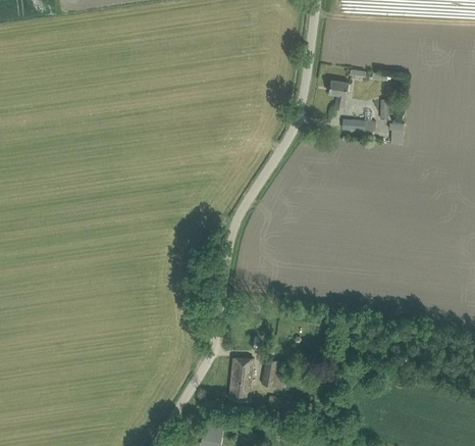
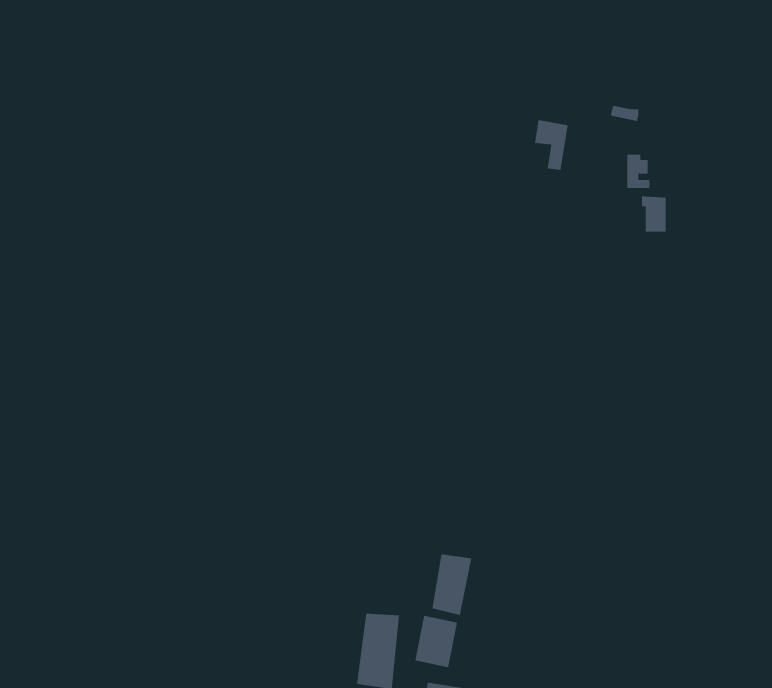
building: [341,109,375,132] -> none
building: none -> [432,553,472,616]

